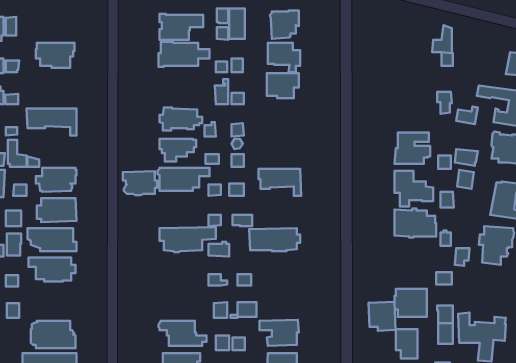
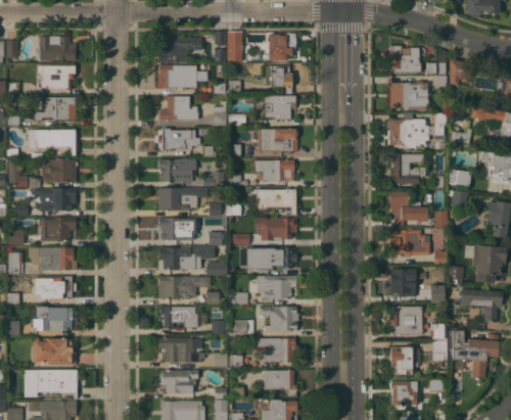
building: none -> [38,36,76,60]
building: none -> [389,45,421,73]
building: none -> [449,59,471,85]
building: none -> [389,81,428,109]
building: none -> [159,96,198,121]
building: none -> [34,97,76,122]
building: none -> [386,113,428,147]
building: none -> [258,129,297,153]
building: none -> [42,159,78,183]
building: none -> [254,159,296,181]
building: [123,171,157,195] -> [158,218,192,241]
building: none -> [254,218,296,241]
building: none -> [158,276,200,299]
building: none -> [257,276,296,298]
building: none -> [460,289,502,323]
building: none -> [33,307,77,331]
building: none -> [158,307,198,328]
building: none -> [259,307,298,331]
building: [368,302,395,331] -> [389,269,416,297]

